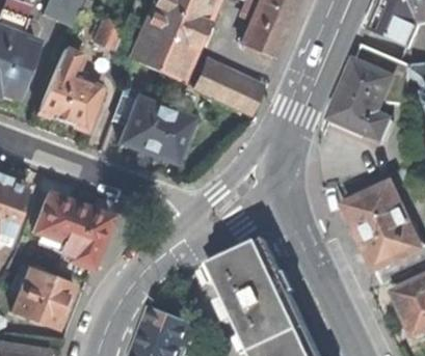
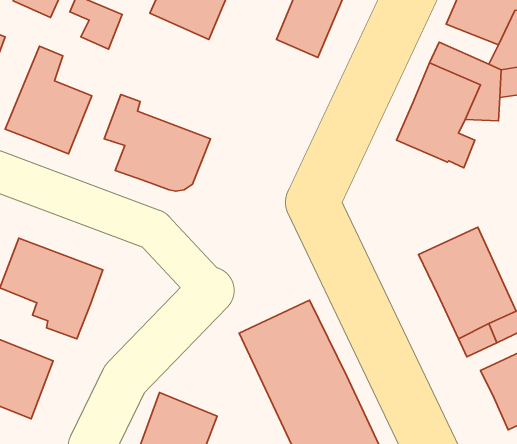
building: [129,24,189,80] -> none
building: [194,62,260,112] -> none

